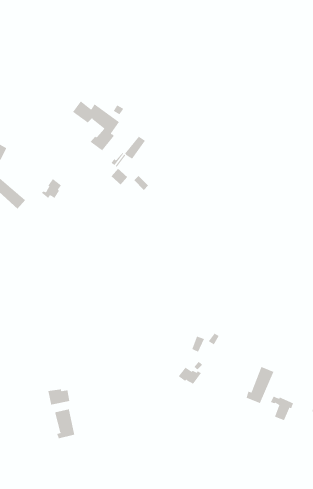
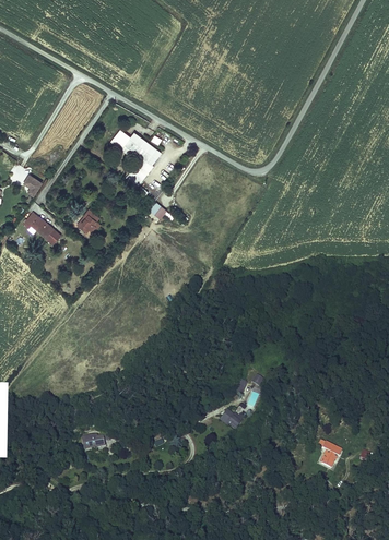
building: [246,366,274,404] -> none
building: [55,409,75,439] -> none

